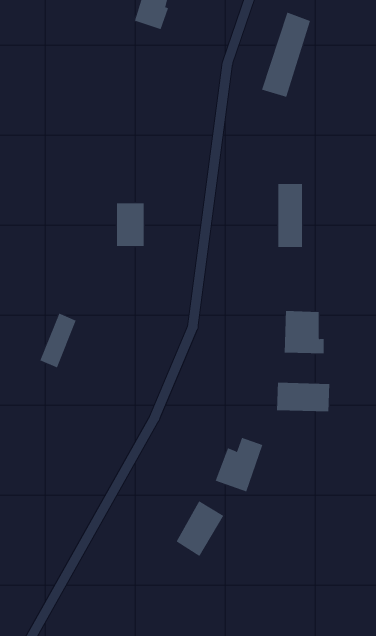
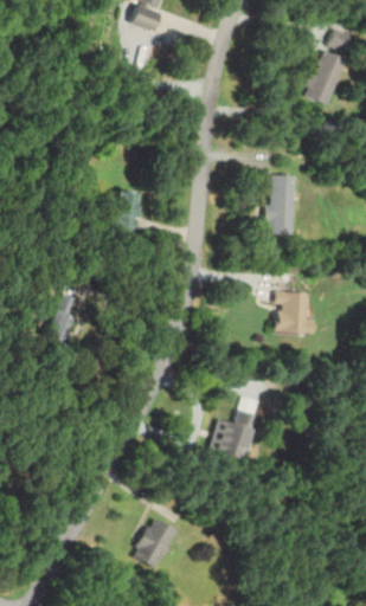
building: [261,12,311,98] -> [306,26,352,105]
building: [277,382,330,412] -> none
building: [176,500,224,557] -> [131,516,176,568]

